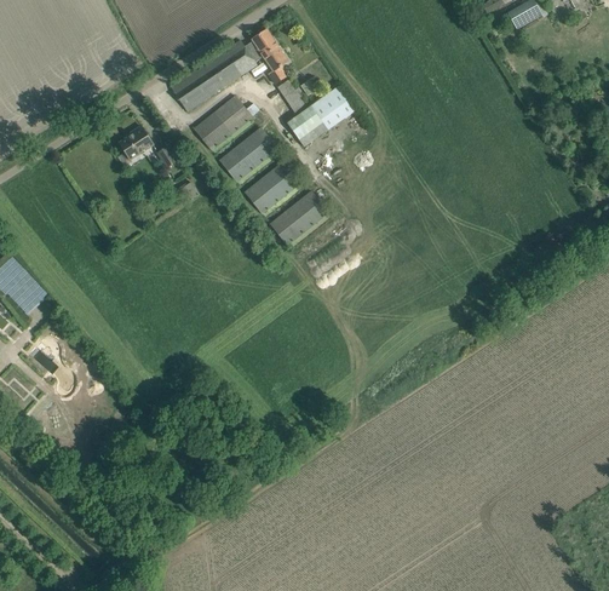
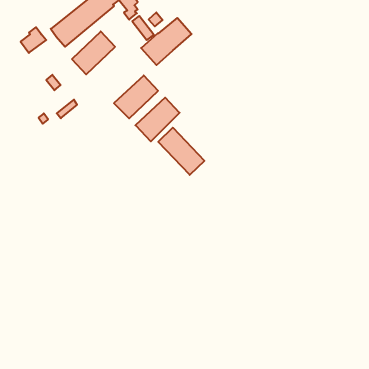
building: [119,126,153,159] -> [21,27,46,53]
building: [218,126,277,182] -> none
building: none -> [158,128,204,175]

